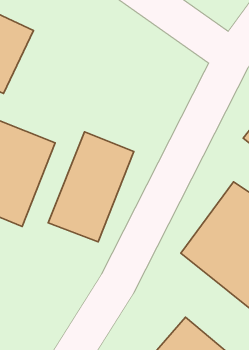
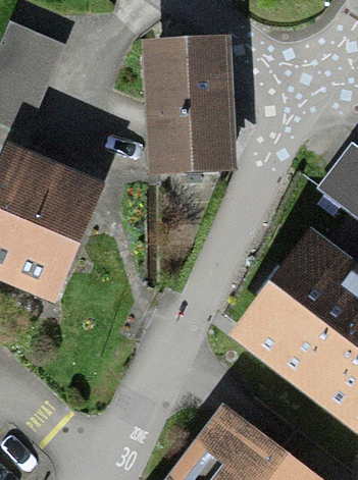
building: none -> [147,49,221,171]
building: [48,132,134,242] -> none

